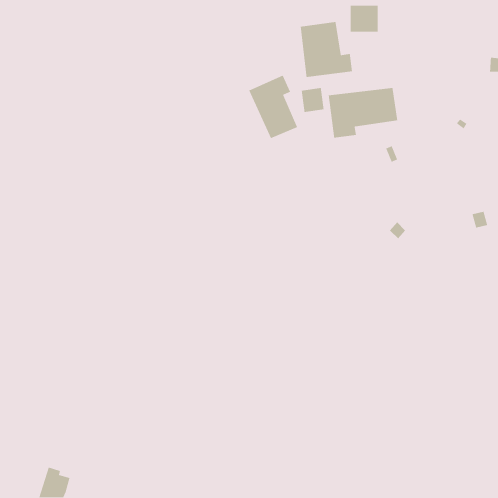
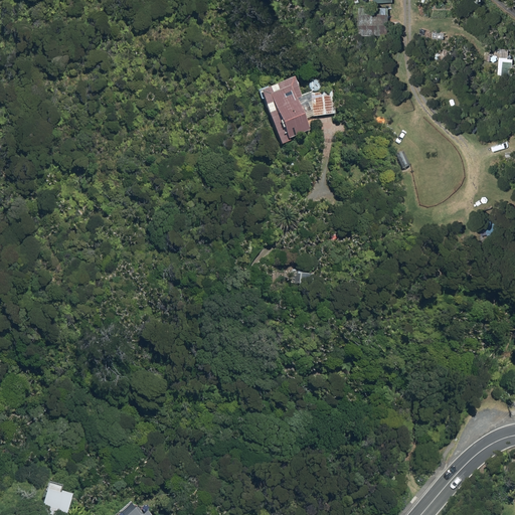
building: [300,21,353,78] -> none
building: [328,87,398,139] -> none

